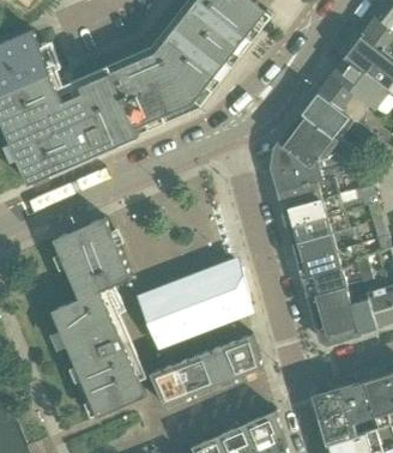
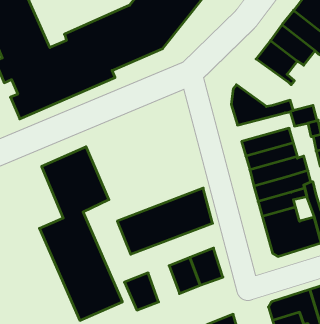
building: [278,114,359,169] -> none
building: [279,176,339,210] -> none
building: [176,354,212,395] -> none

